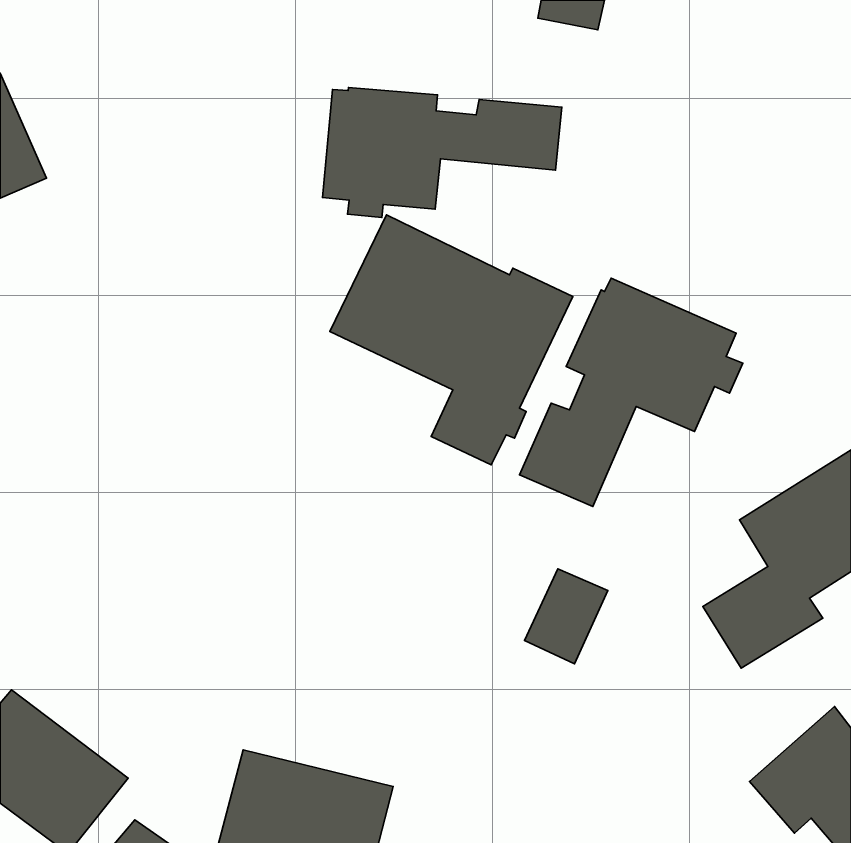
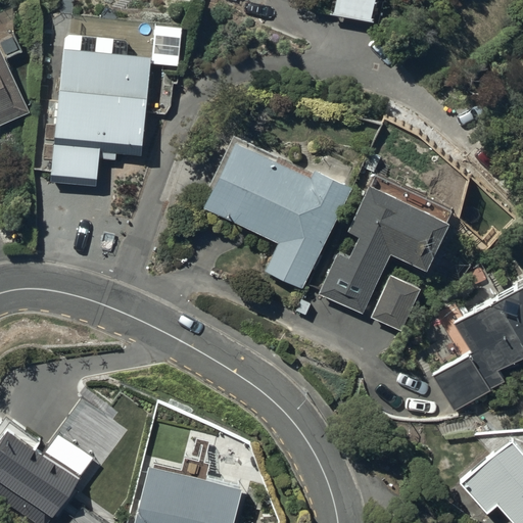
building: none -> [50,37,151,188]
building: [323,88,562,217] -> none
building: [525,569,608,664] -> [370,275,421,333]

